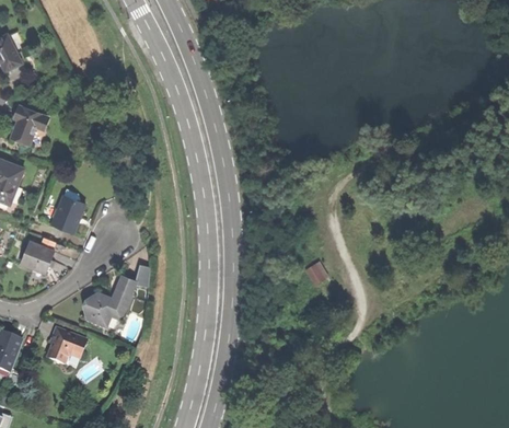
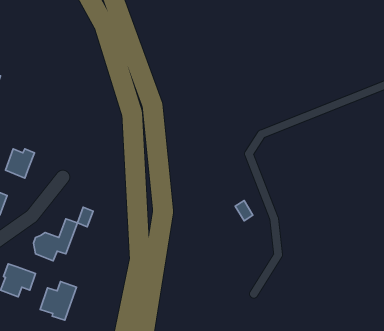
building: none -> [40,281,77,320]

